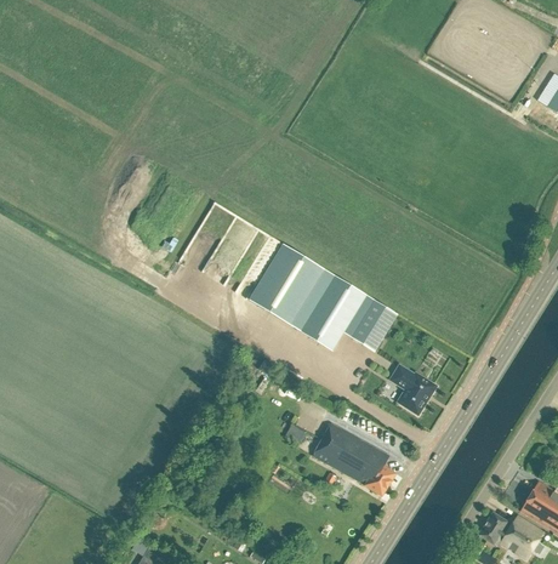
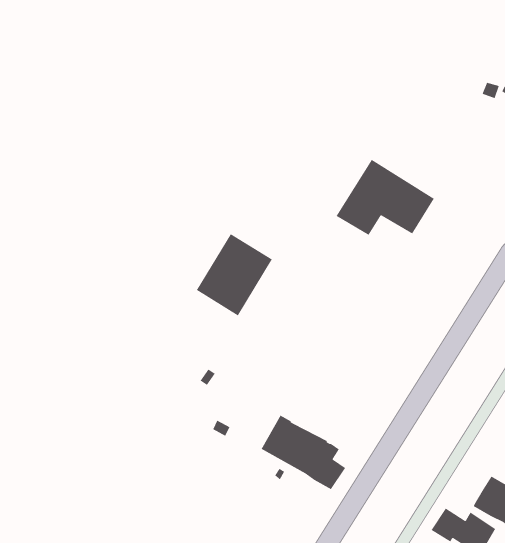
building: [300,275,397,351] -> [335,159,435,236]
building: [391,364,437,414] -> none

